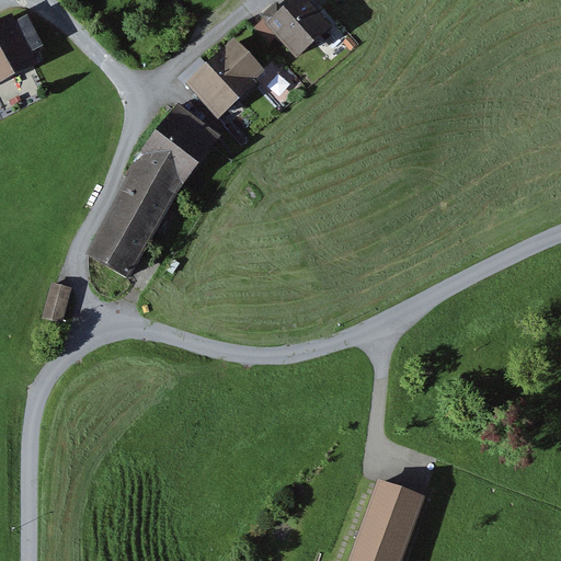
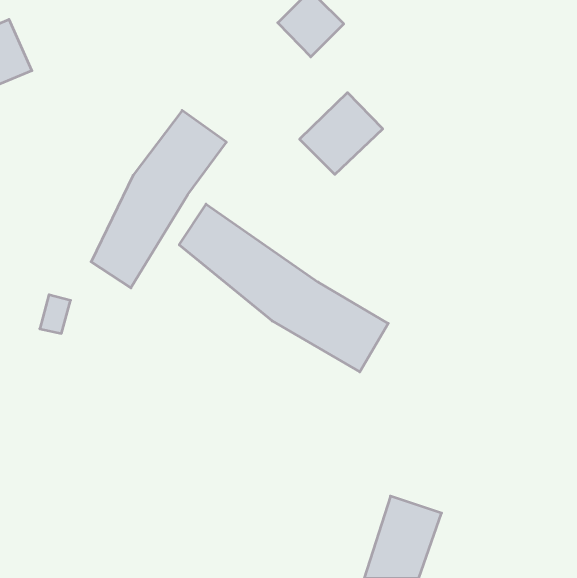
building: [186,38,266,117] -> [300,93,383,174]
building: none -> [179,204,388,372]

